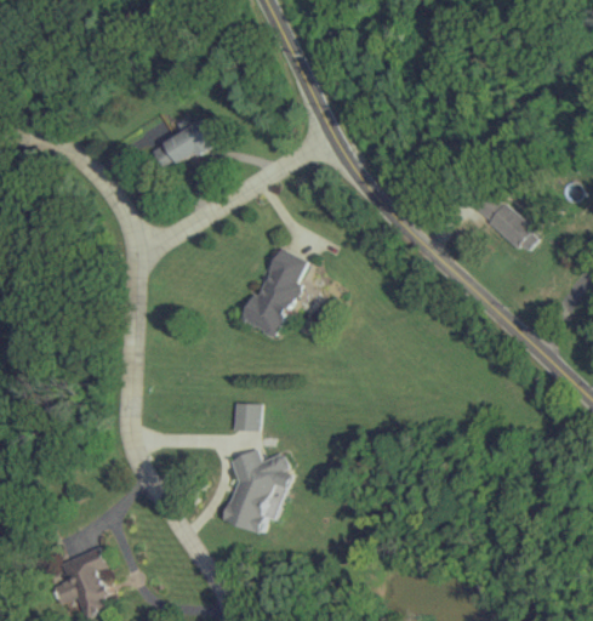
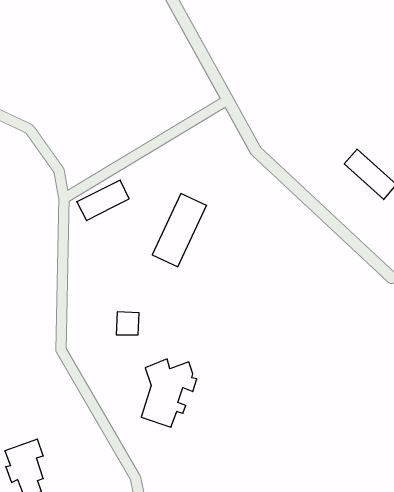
building: [152,120,216,170] -> [77,180,129,221]
building: [232,404,260,432] -> [116,312,139,335]

